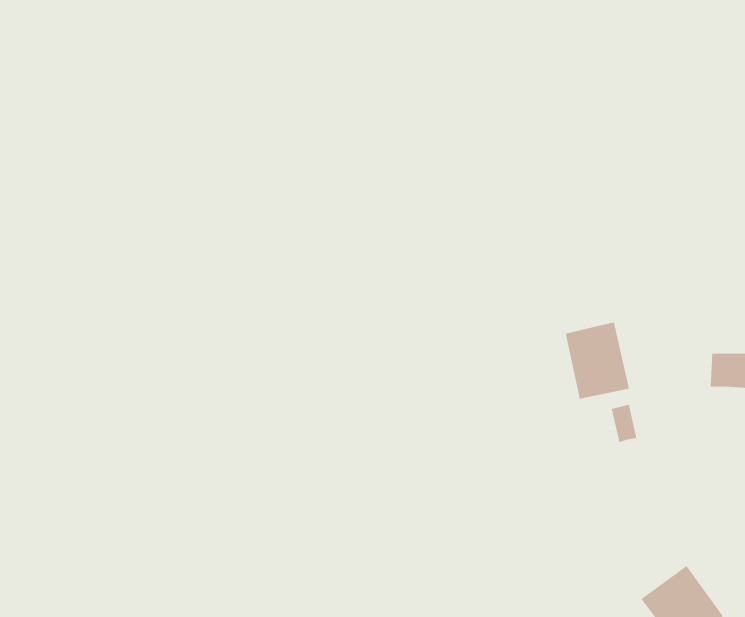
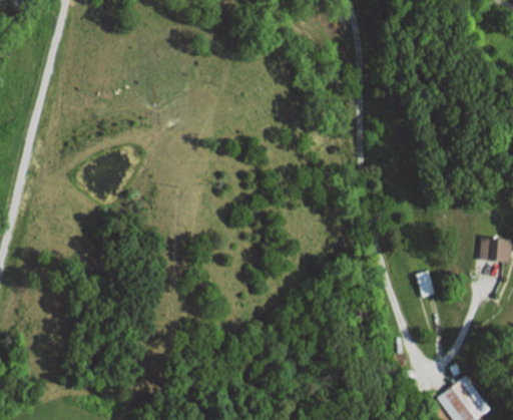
building: [565,322,630,399] -> none

